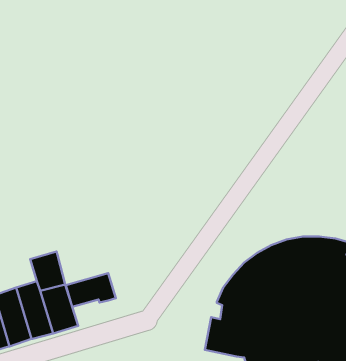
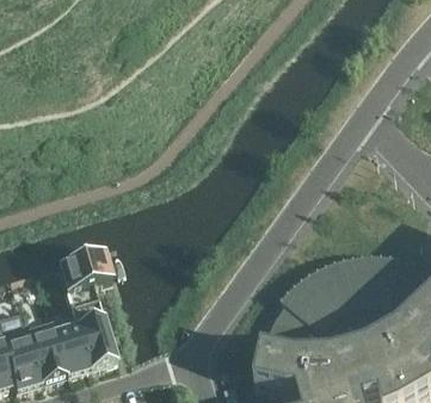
building: [66,273,116,307] -> [59,249,113,286]

